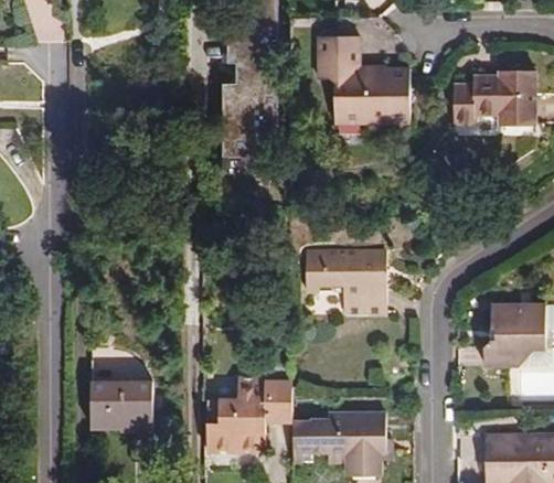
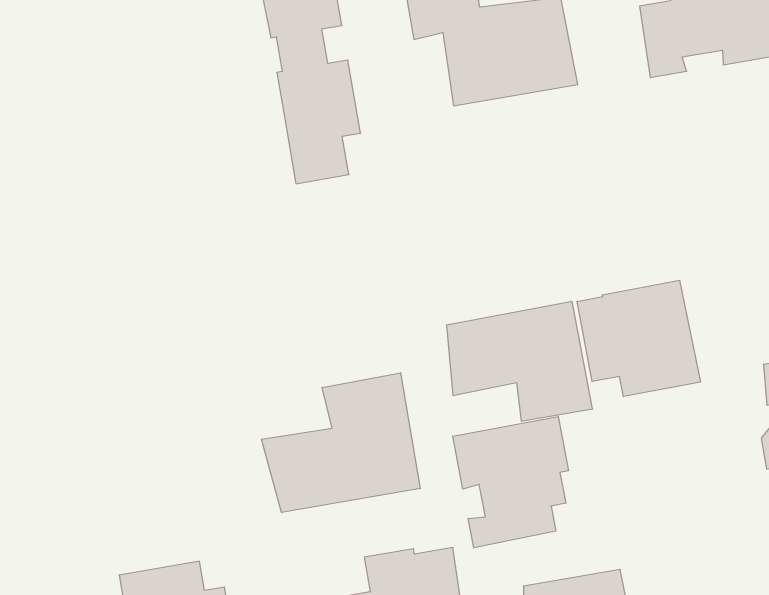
building: none -> [577,280,701,397]
building: none -> [261,373,420,513]
building: none -> [453,416,568,548]

